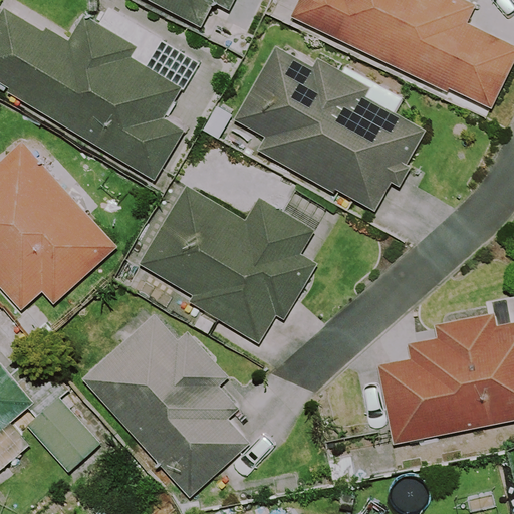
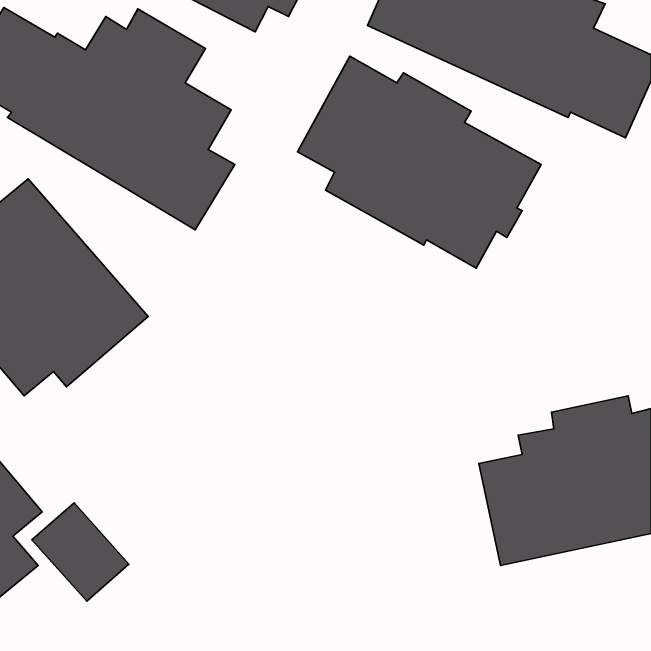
building: [138,183,317,344] -> none
building: [81,312,250,498] -> none

